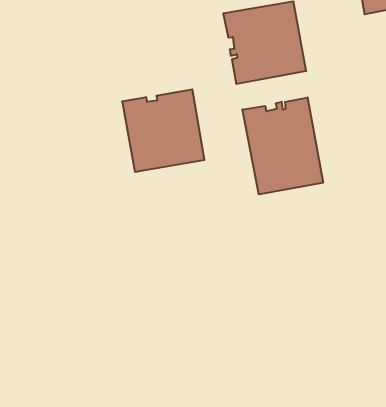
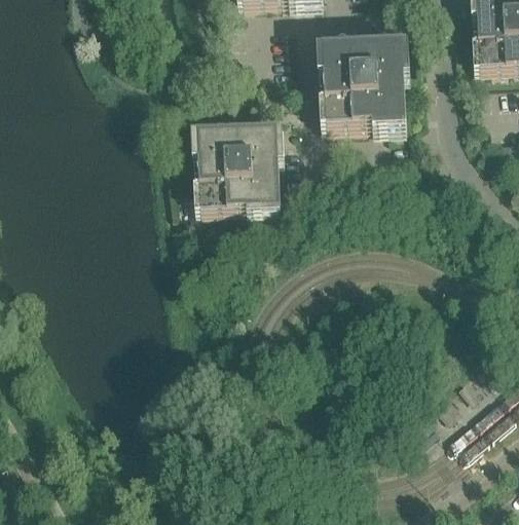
building: [242,97,323,194] -> none

